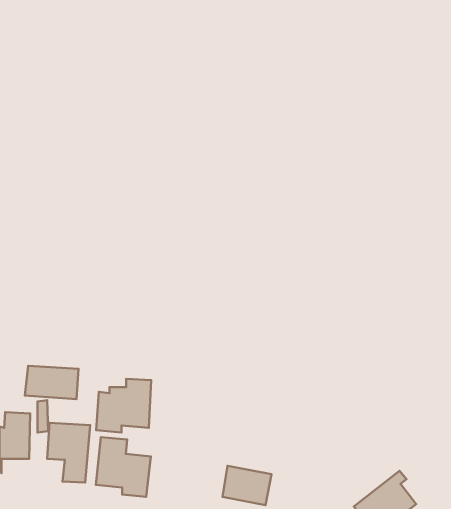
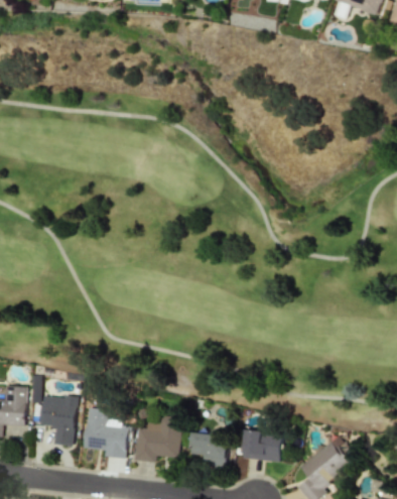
building: [25,366,79,399] -> none
building: [96,379,151,433] -> [134,416,180,462]
building: none -> [244,431,282,461]

